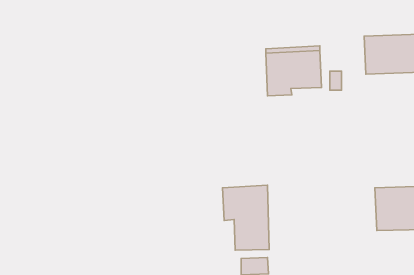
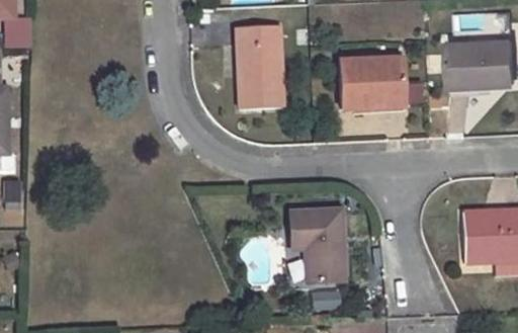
building: none -> [238,25,285,109]

